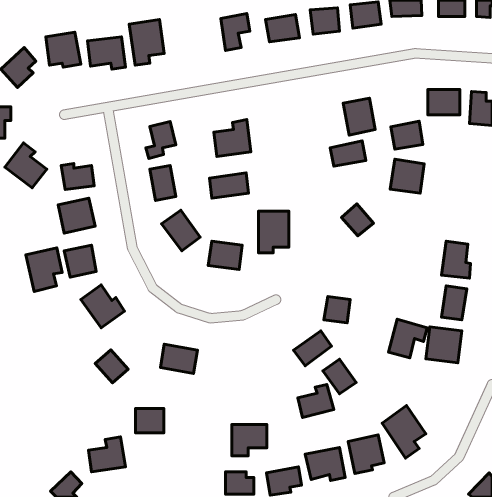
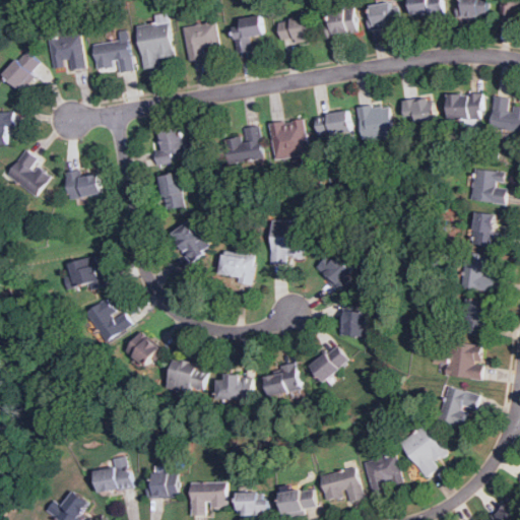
building: none -> [183,21,218,58]
building: none -> [269,119,306,157]
building: [391,121,423,149] -> [401,95,435,125]
building: [330,141,366,166] -> [313,110,350,136]
building: [390,159,424,193] -> [470,168,506,203]
building: [209,173,249,198] -> none
building: [58,198,95,233] -> none
building: none -> [471,212,499,247]
building: [341,204,374,236] -> [316,252,349,285]
building: [26,248,62,291] -> none
building: [388,319,427,358] -> [437,386,477,427]
building: [95,350,128,383] -> [126,333,160,368]
building: [323,359,356,394] -> none
building: none -> [215,376,251,400]
building: [298,384,334,417] -> [263,363,301,397]
building: [136,408,164,433] -> [146,472,176,498]
building: [232,425,267,456] -> [189,482,225,515]

